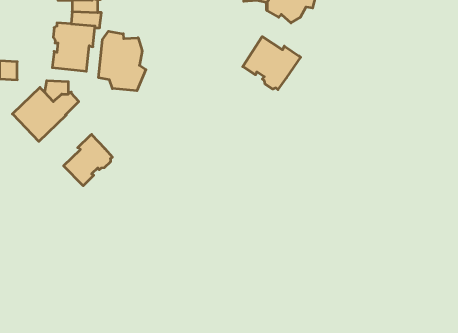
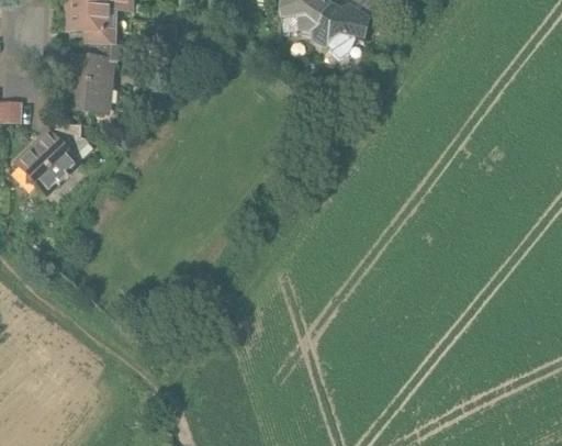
building: [99,31,146,91] -> none
building: [243,37,301,90] -> none
building: [64,134,112,186] -> none

